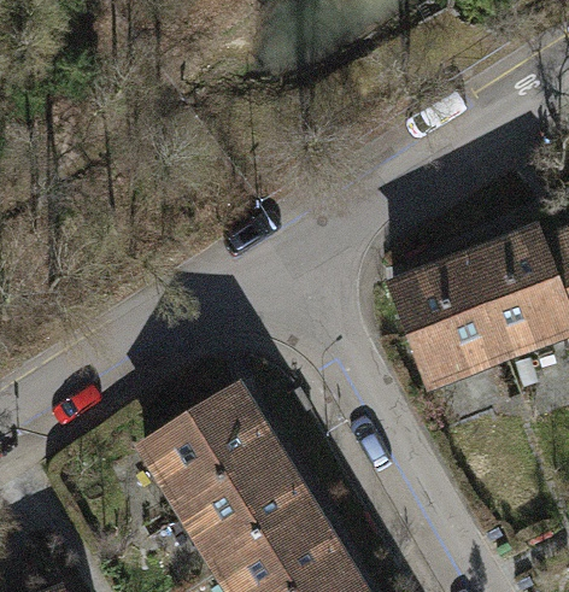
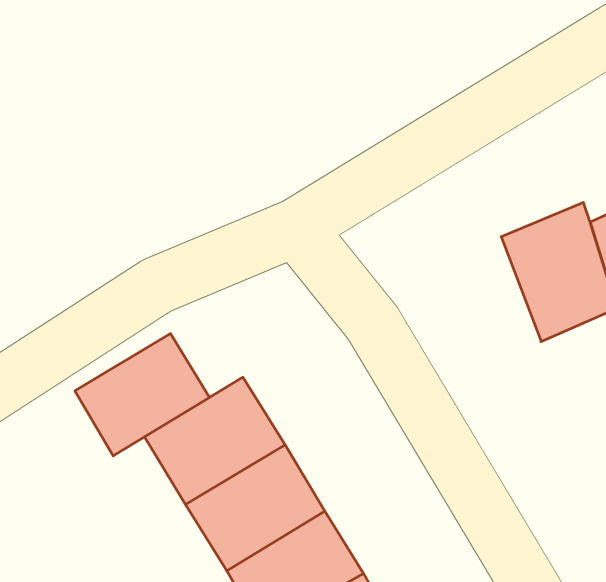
building: [394,263,501,382] -> none
building: none -> [75,334,209,456]

